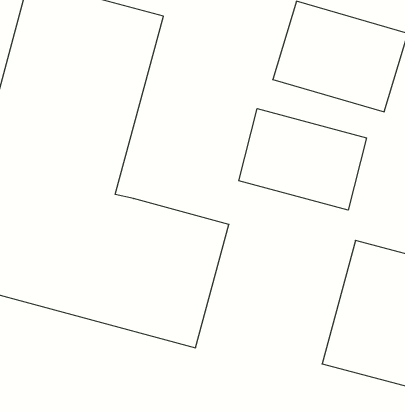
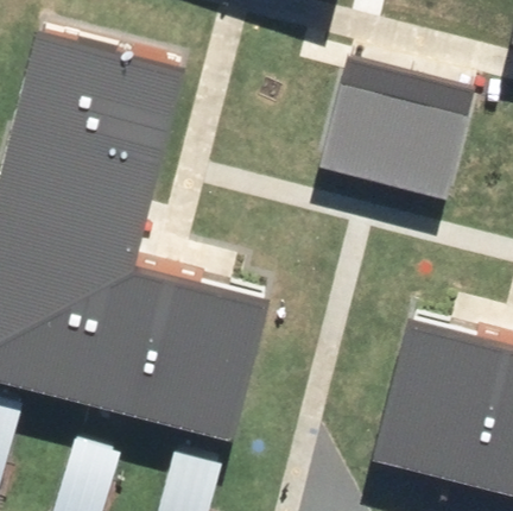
building: [239,109,367,210] -> none

